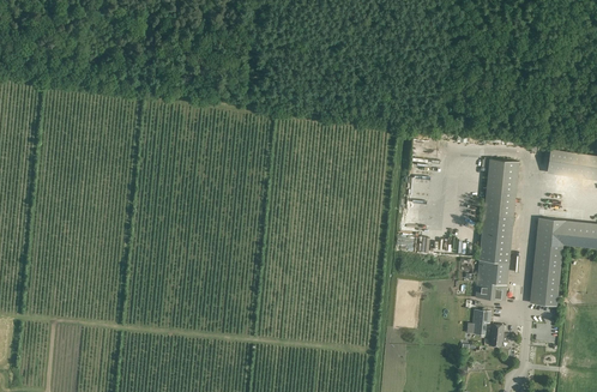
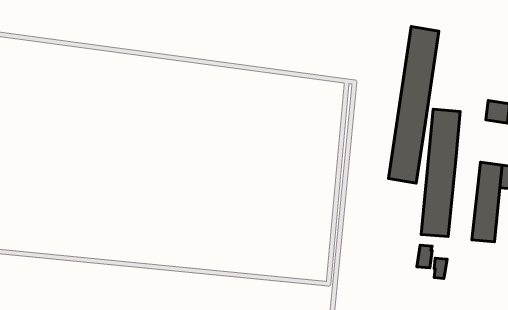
building: none -> [388,26,439,183]

